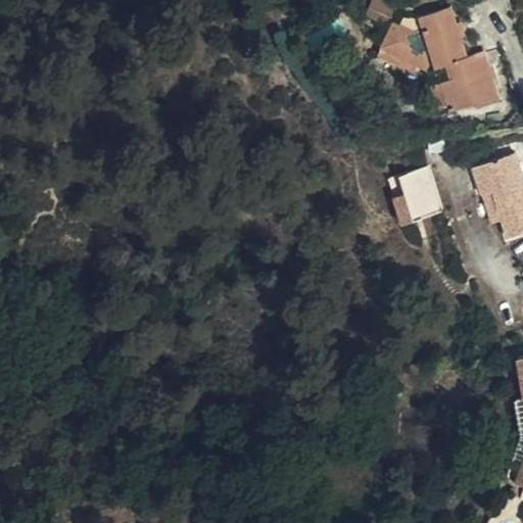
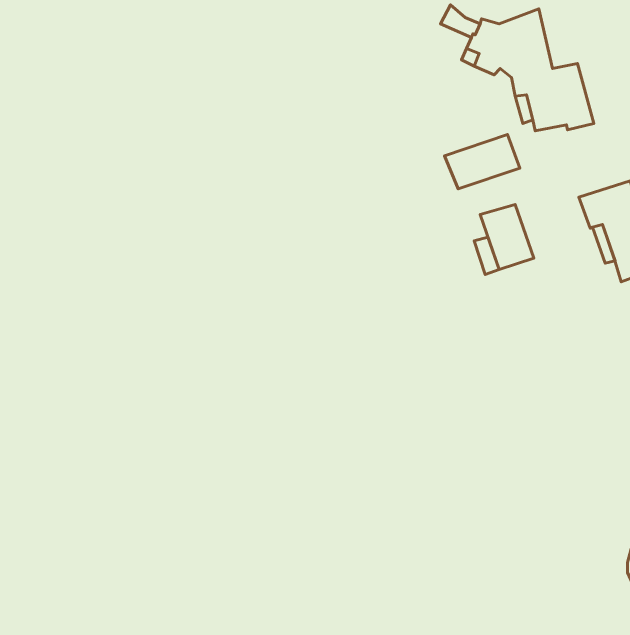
building: none -> [445,135,520,189]

